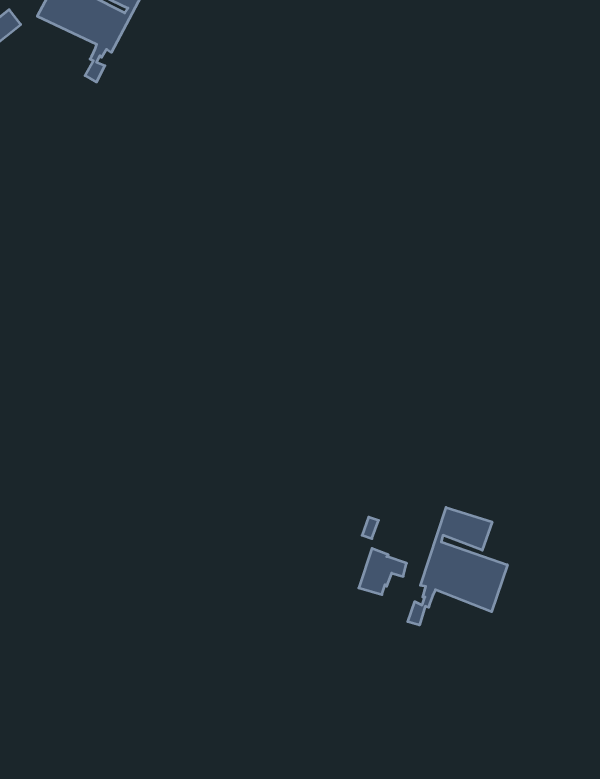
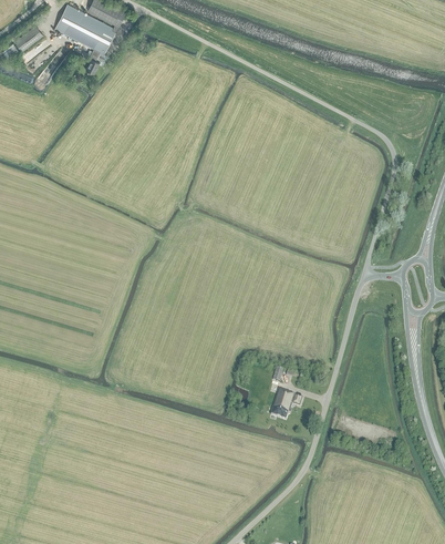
building: [408,507,507,625] -> none

